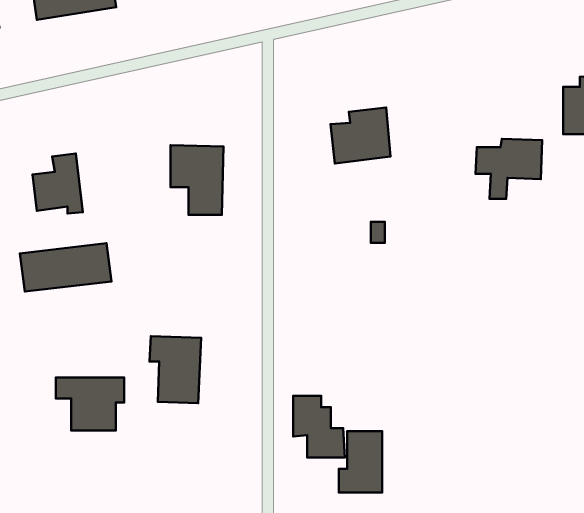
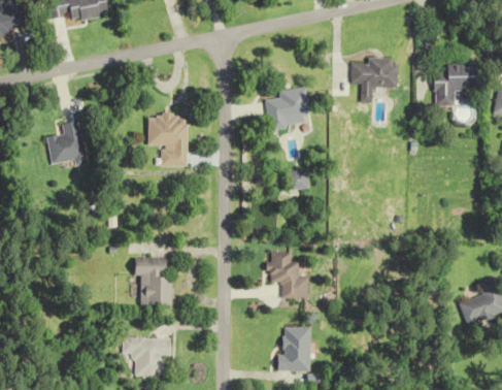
building: [475,139,542,199] -> [353,58,402,102]
building: [20,243,112,292] -> none
building: [56,378,124,431] -> [118,337,168,377]
building: [293,396,345,457] -> [268,252,306,297]

